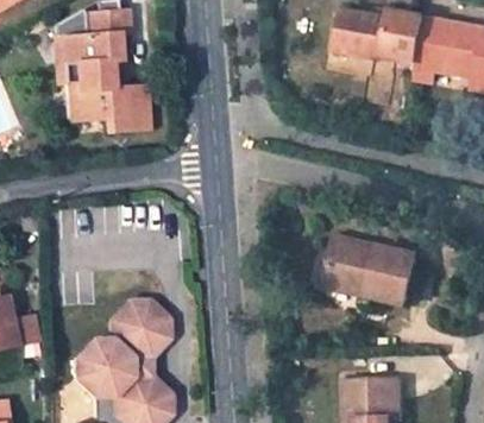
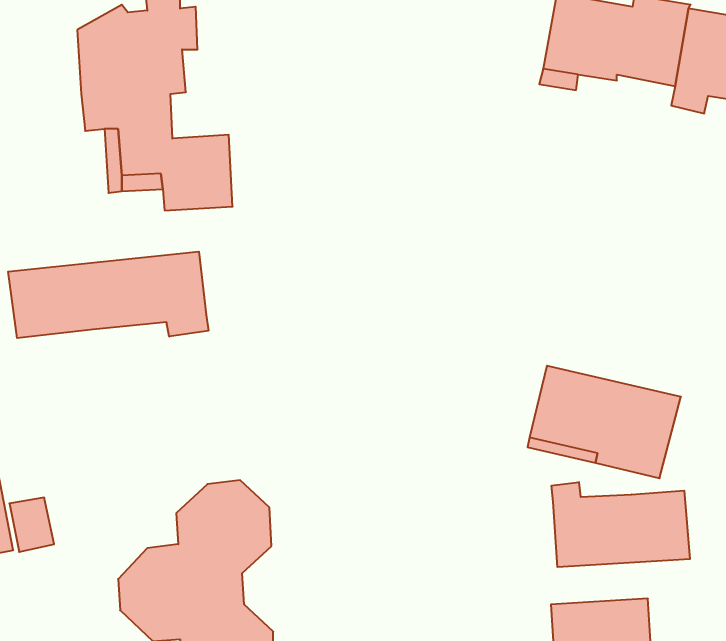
building: none -> [8,252,208,338]
building: none -> [552,482,690,567]

